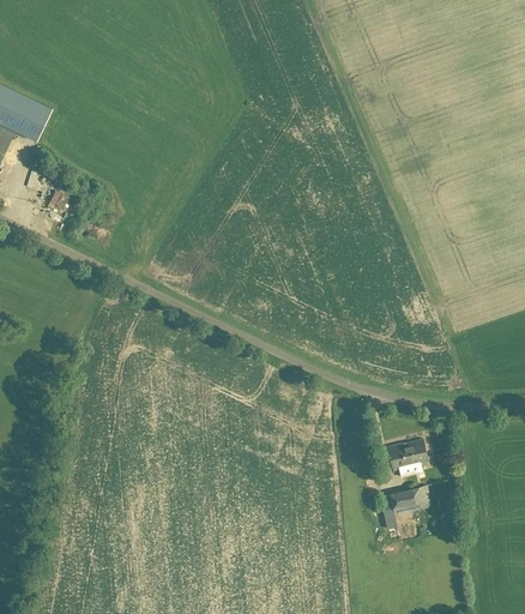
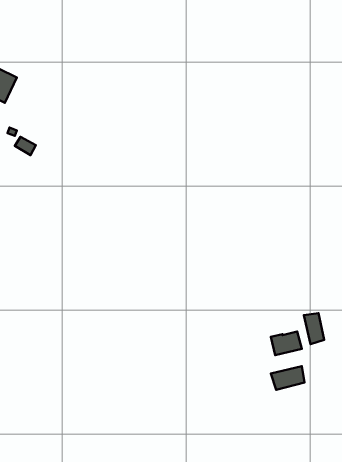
building: none -> [304,313,324,344]

